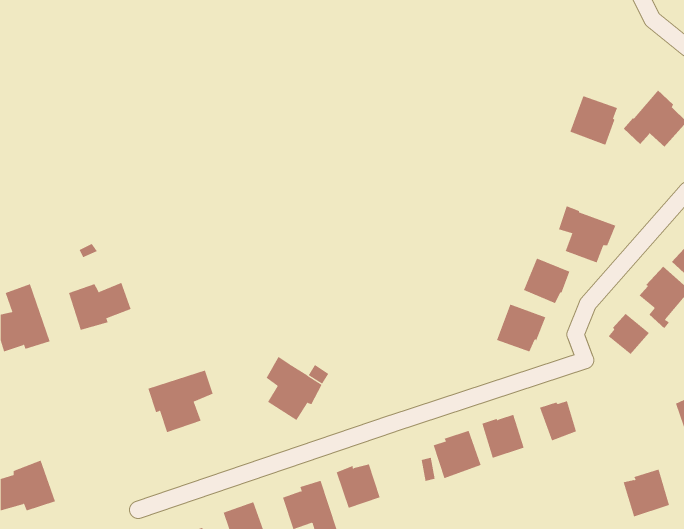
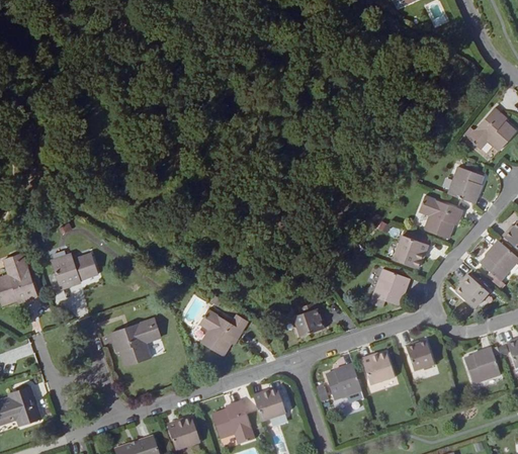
building: [569,96,618,145] -> [448,166,485,203]
building: none -> [294,302,327,336]
building: [623,469,670,517] -> [464,347,500,383]

